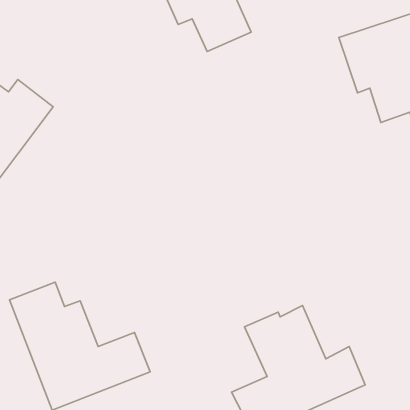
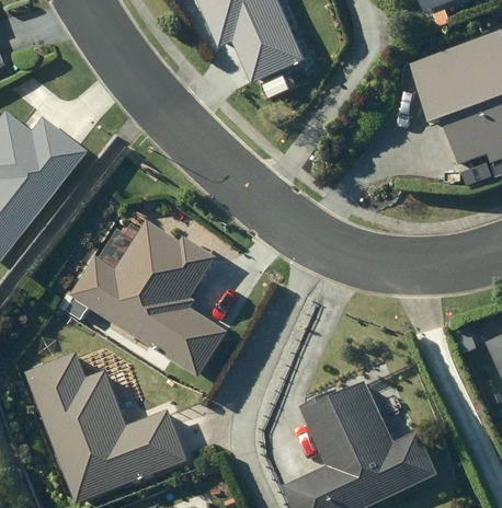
building: none -> [61,222,232,374]

